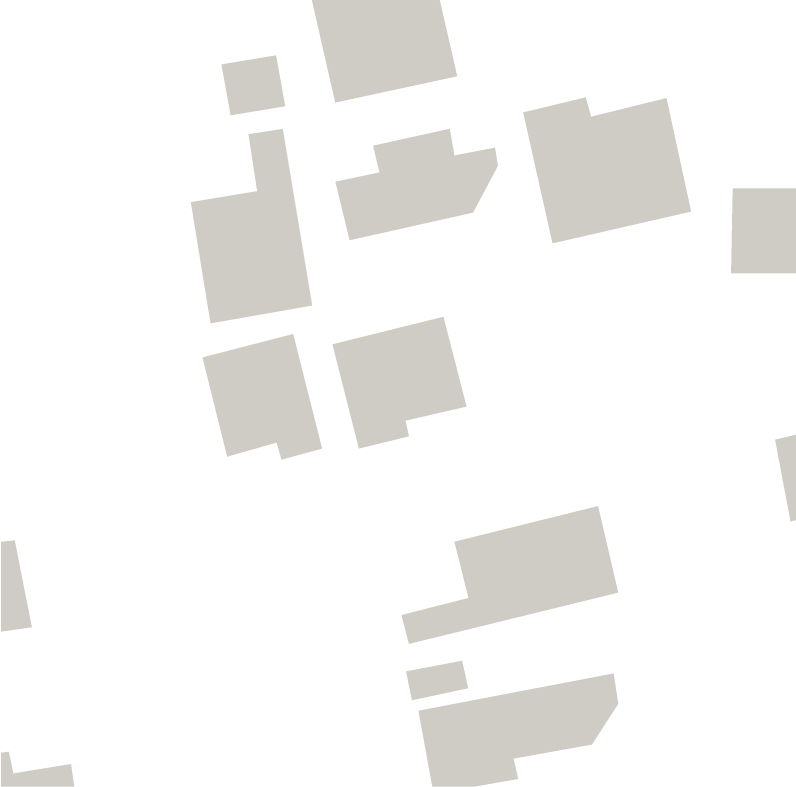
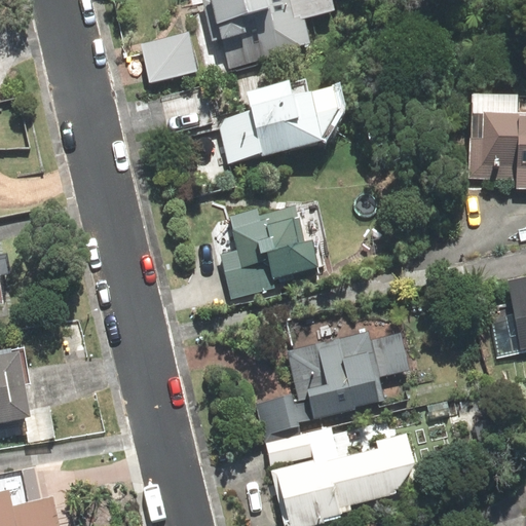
building: [522,97,692,244] -> none
building: [190,128,313,324] -> none
building: [202,333,323,460] -> none

